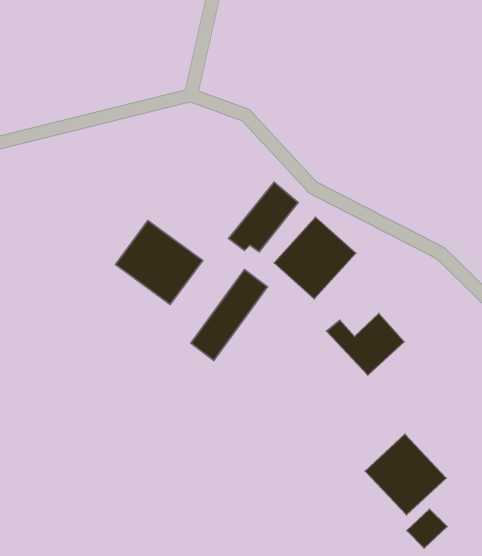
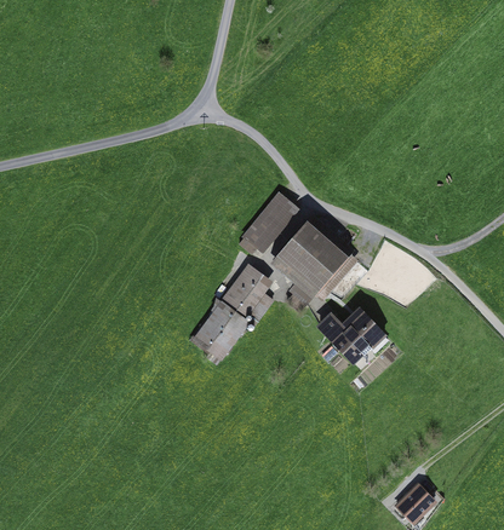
building: [115,220,203,305] -> none
building: [365,434,446,515] -> none

